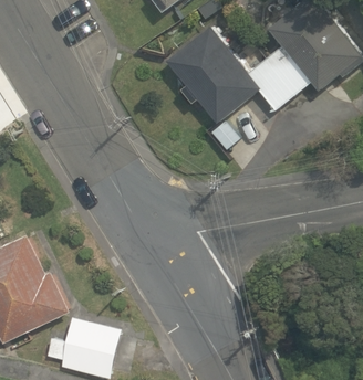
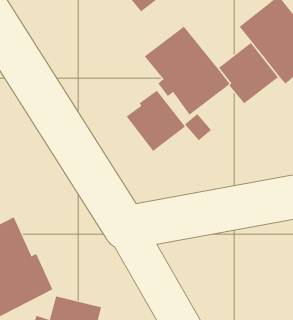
building: none -> [126,90,186,152]

